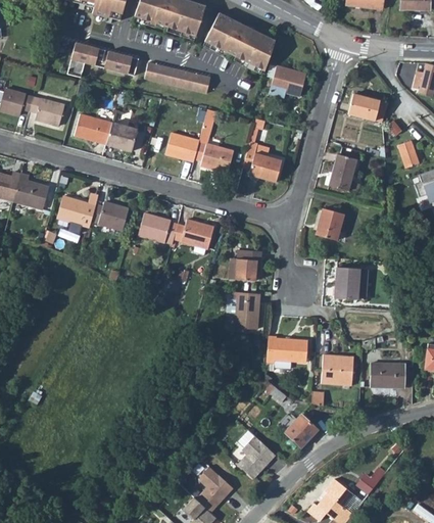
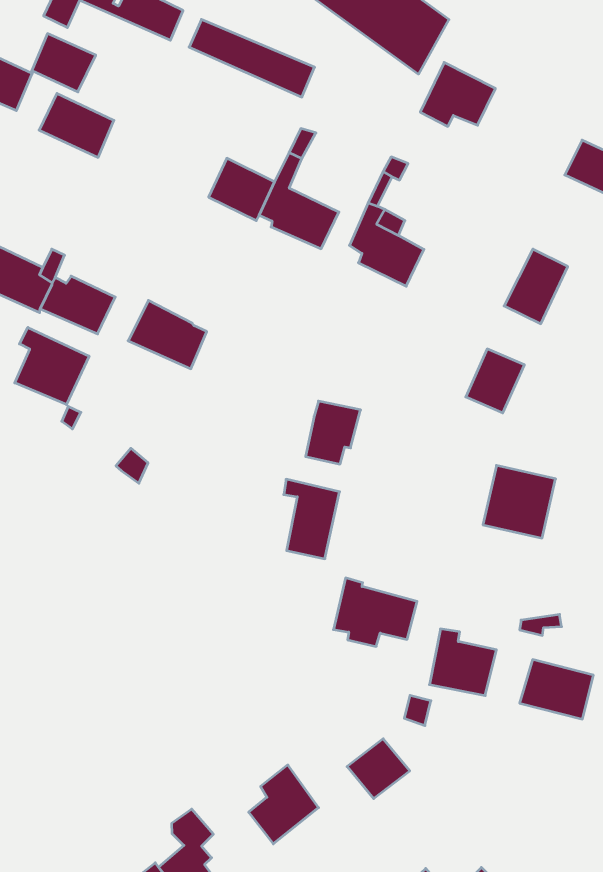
building: [106,121,138,148] -> [32,34,96,92]
building: [173,218,212,247] -> none
building: none -> [15,327,89,405]

